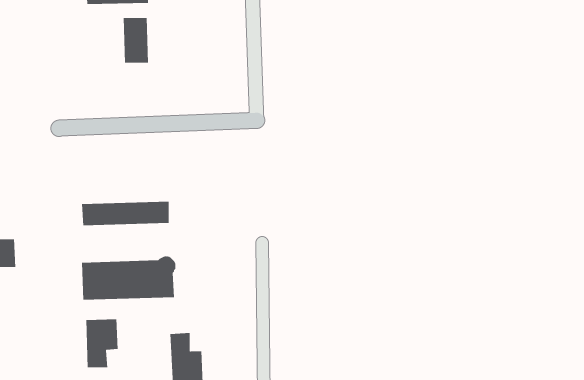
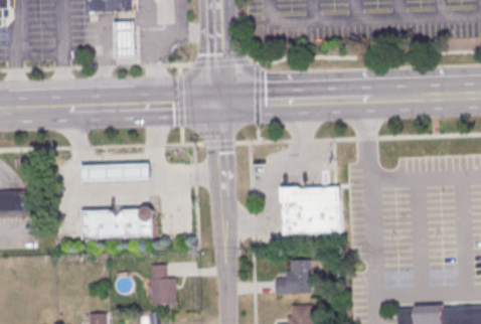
building: none -> [284,186,340,231]
building: [86,318,118,368] -> none
building: none -> [275,259,311,294]

